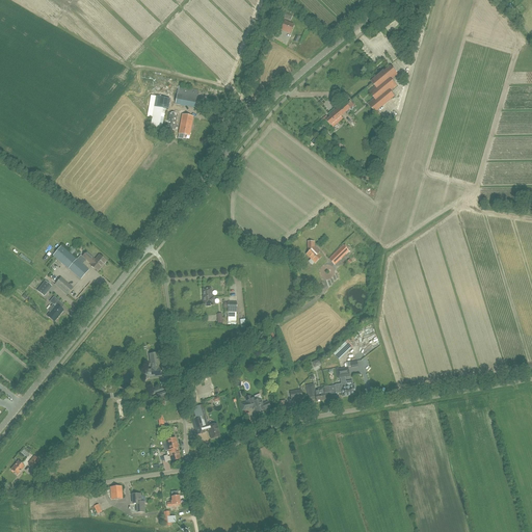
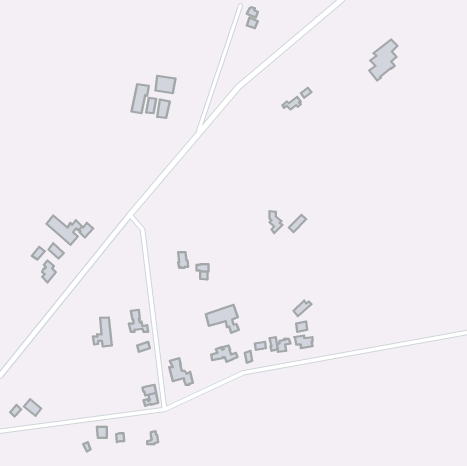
building: [366,65,398,112] -> [369,39,397,81]
building: none -> [206,305,239,333]
building: none -> [93,318,112,346]

